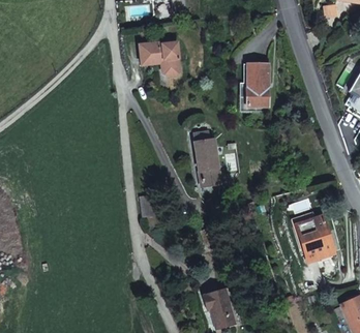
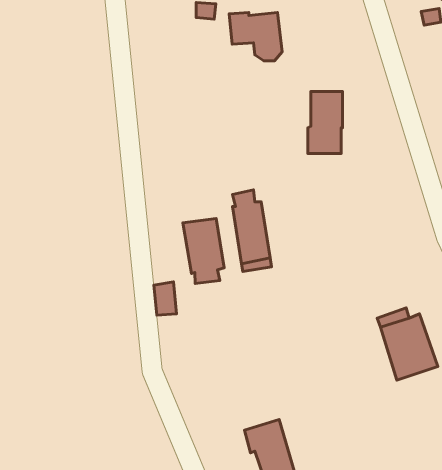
building: [145,41,181,74] -> [229,12,282,61]
building: none -> [183,219,224,283]

